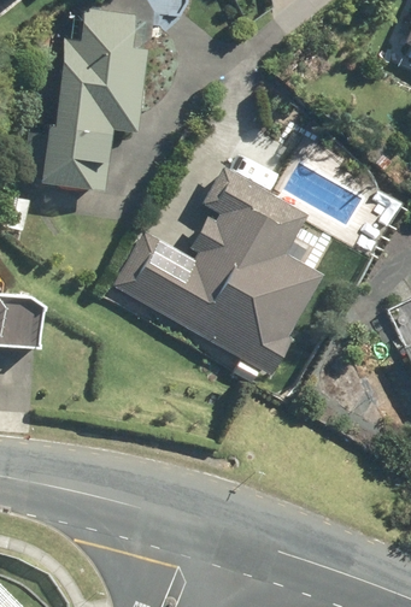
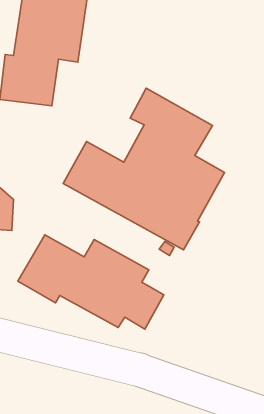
building: none -> [18,235,164,329]

